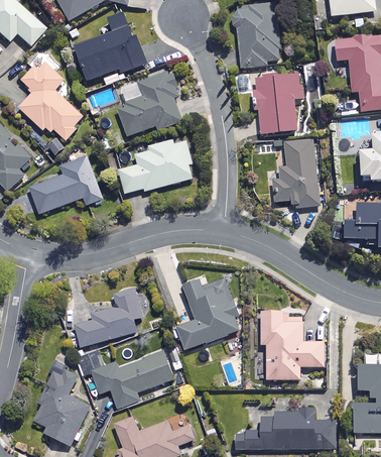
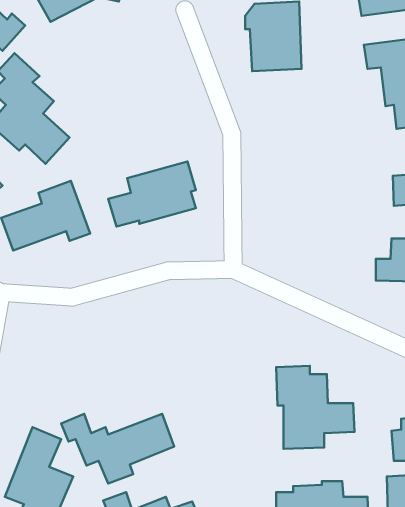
building: [75,12,146,81] -> none
building: [118,71,182,136] -> none
building: [253,74,305,133] -> none
building: [272,139,321,208] -> none
building: [176,276,239,349] -> none
building: [76,288,143,346] -> none

